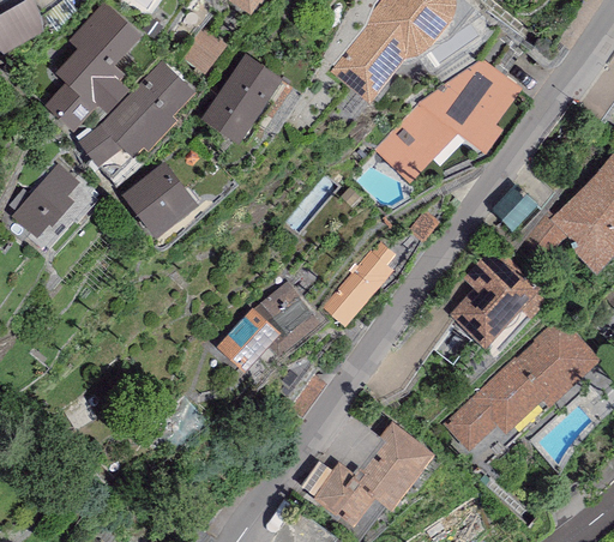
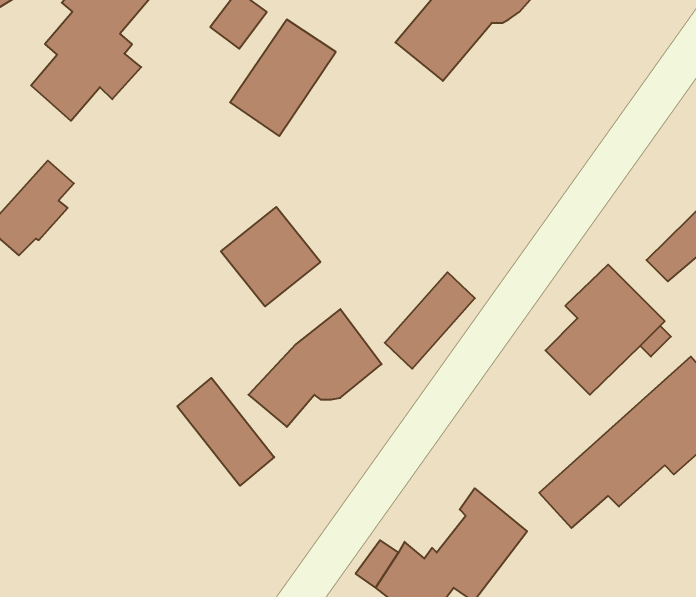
building: [373,59,522,183] -> none
building: [78,61,194,169] -> none
building: [120,162,198,240] -> [221,207,320,306]
building: [489,183,536,230] -> none
building: none -> [177,378,274,486]

